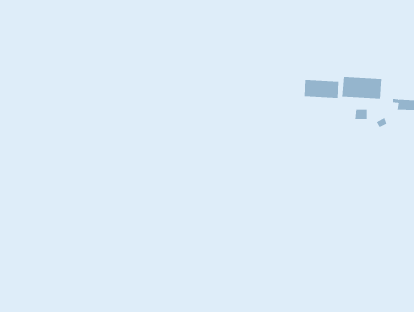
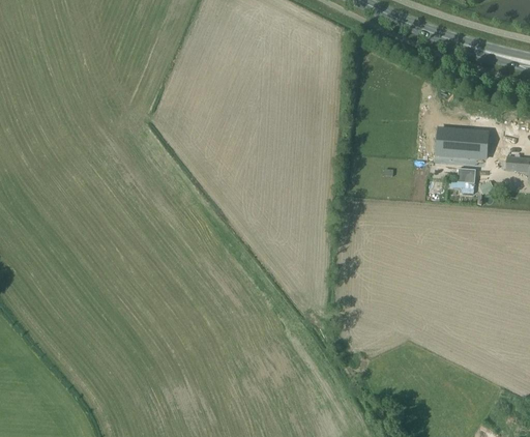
building: [304,79,339,99] -> none

